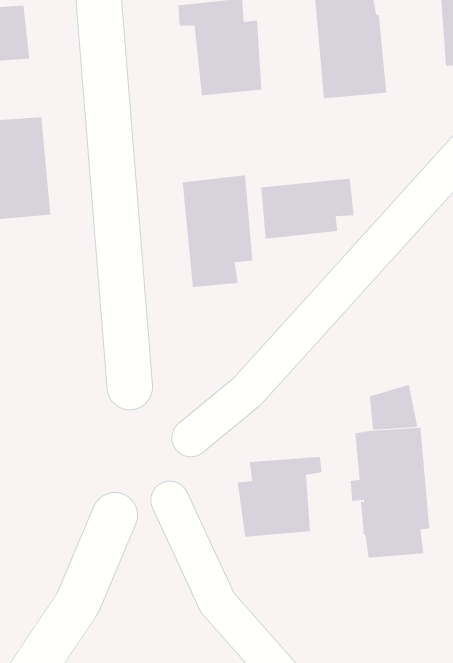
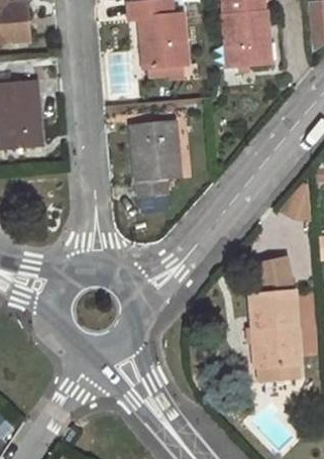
building: [261,178,354,239] -> none
building: [237,456,322,538] -> none

